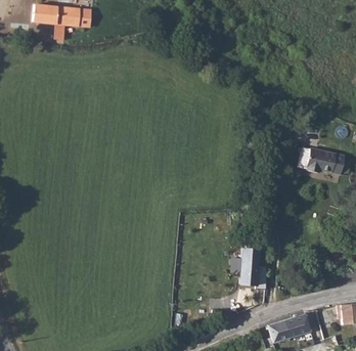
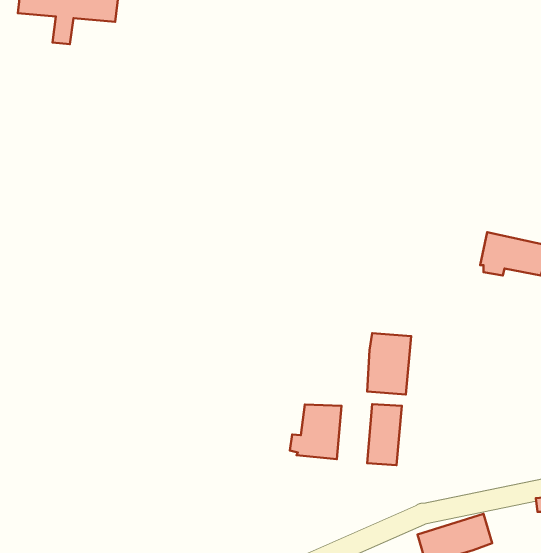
building: none -> [367,333,411,394]
building: none -> [290,404,342,459]

